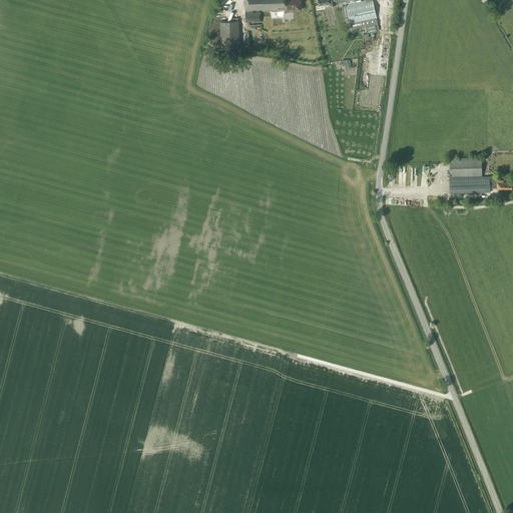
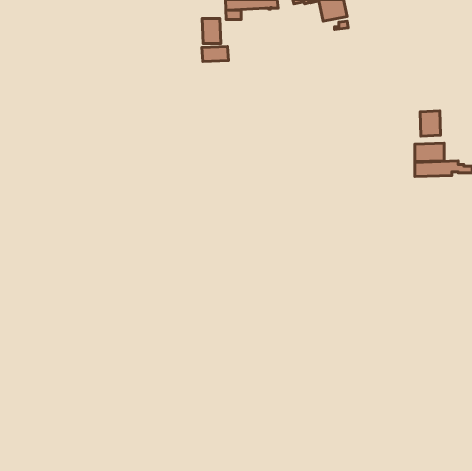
building: none -> [202,46,229,62]
building: none -> [420,111,441,136]

